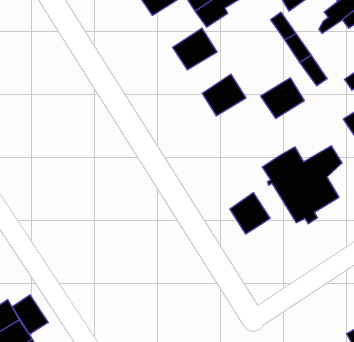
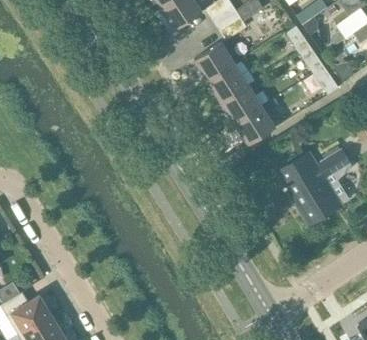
building: none -> [208,63,249,102]
building: [261,78,304,119] -> [235,106,276,144]
building: [230,193,270,234] -> none
building: [12,295,48,335] -> none

